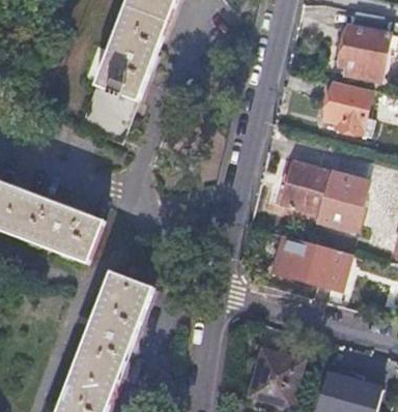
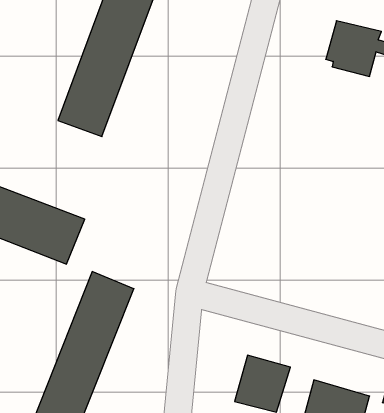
building: [322,84,373,137] -> none
building: [282,161,369,234] -> none
building: [274,238,343,289] -> none

